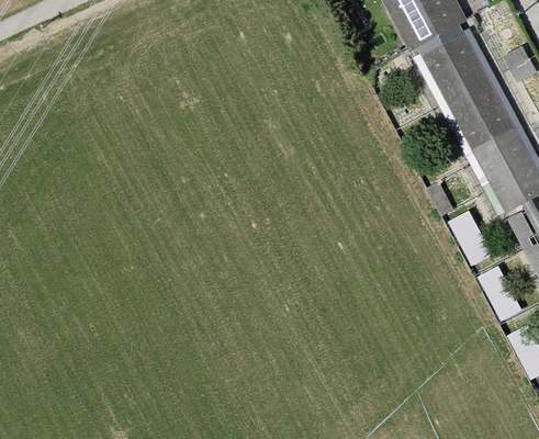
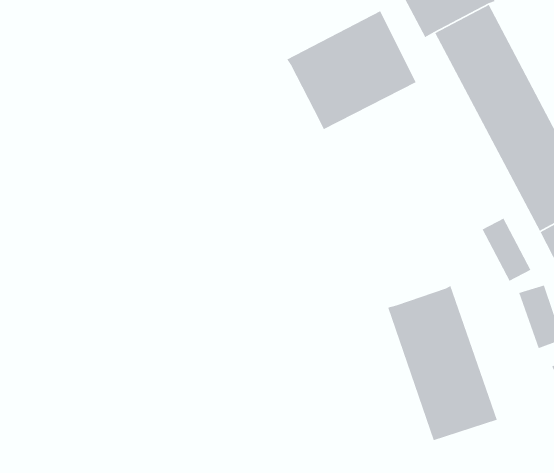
building: none -> [286,10,417,130]
building: none -> [387,285,498,441]

